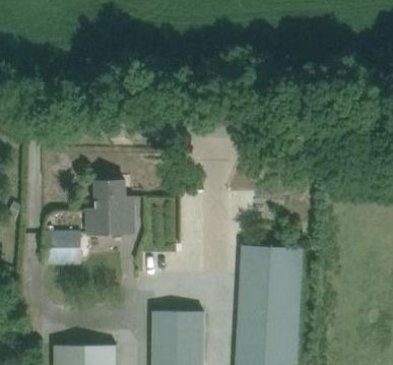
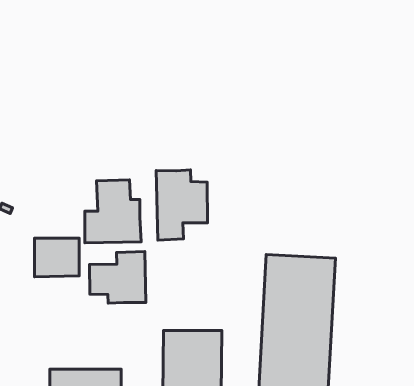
building: none -> [156,170,208,240]
building: none -> [90,251,146,303]

